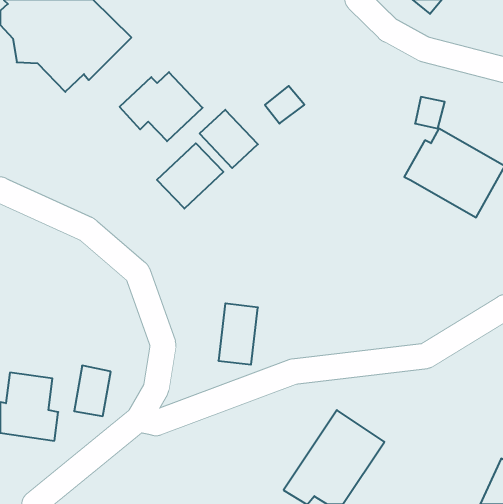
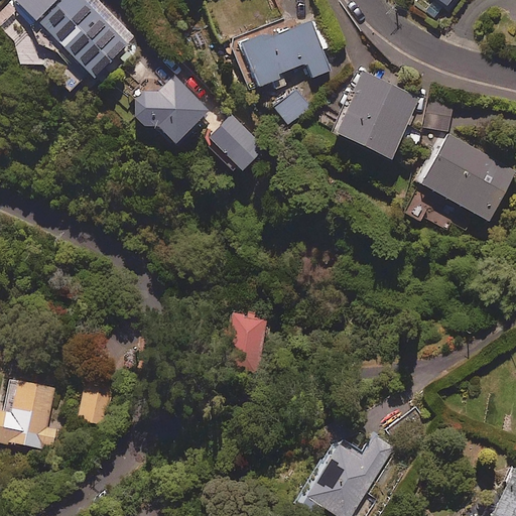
building: none -> [239,19,331,87]
building: none -> [333,71,419,158]
building: [157,143,223,209] -> none

